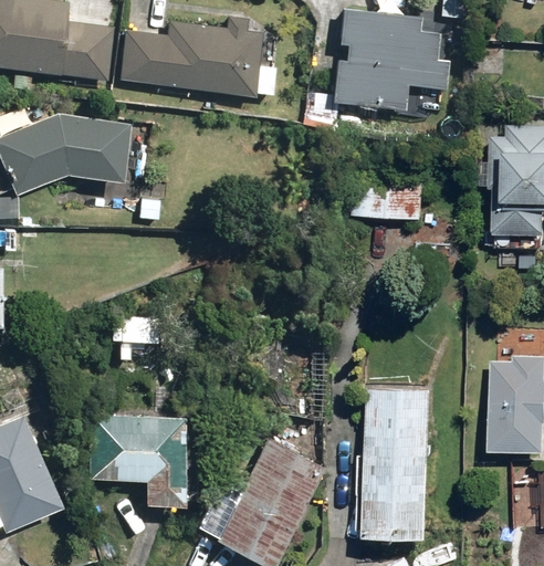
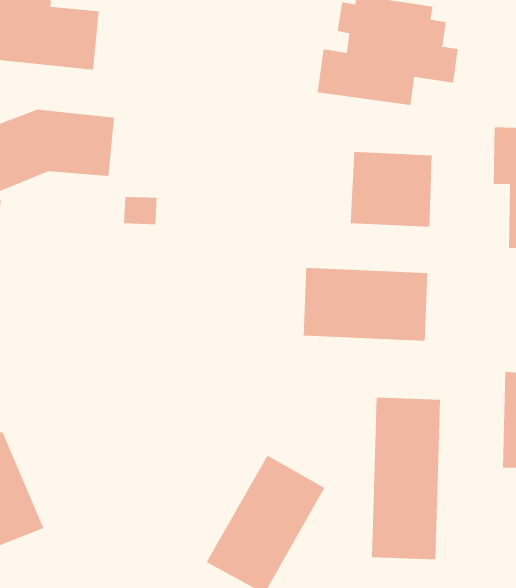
building: [118,22,276,98] -> none
building: none -> [303,267,428,342]
building: [102,415,184,504] -> none

